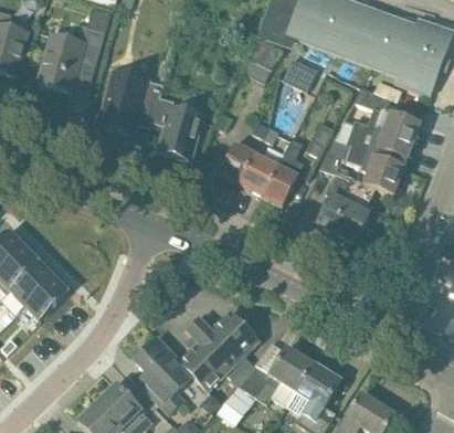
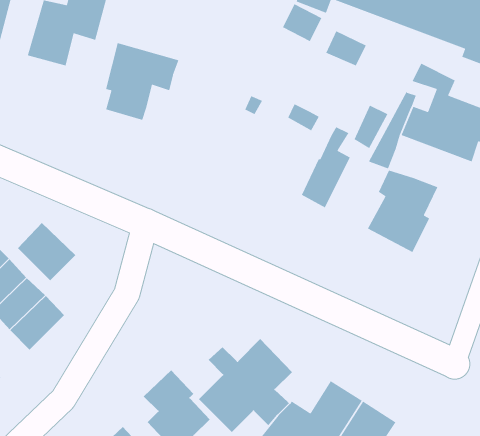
building: [151,96,203,159] -> none
building: [220,142,277,194] -> none
building: [341,146,403,194] -> none
building: none -> [17,222,76,281]

